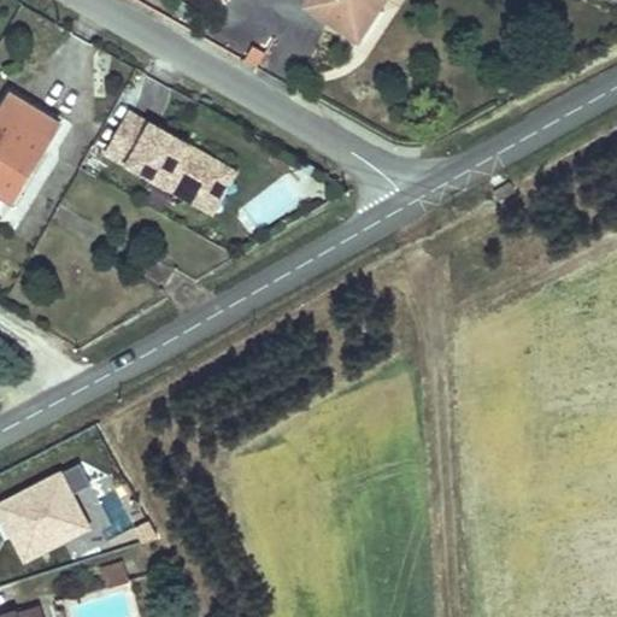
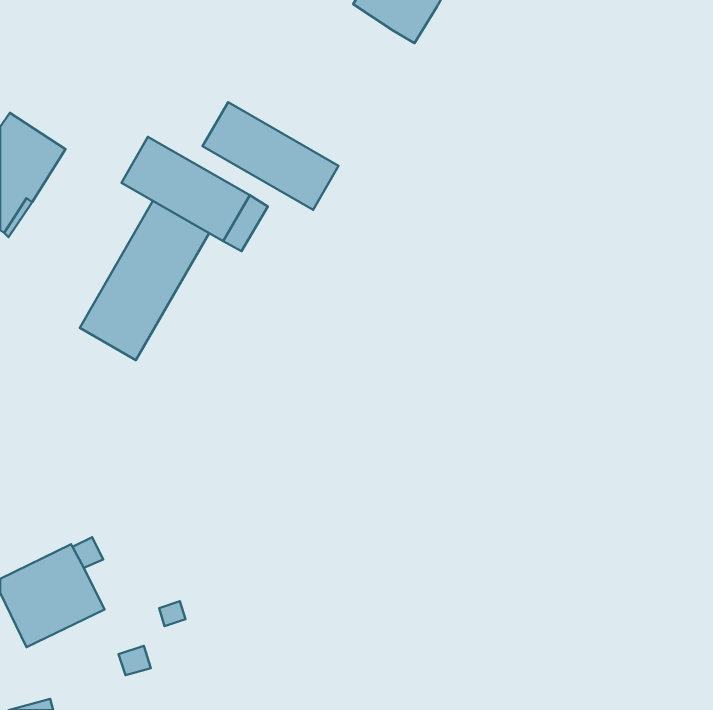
building: none -> [203,102,339,210]
building: none -> [80,201,209,360]

